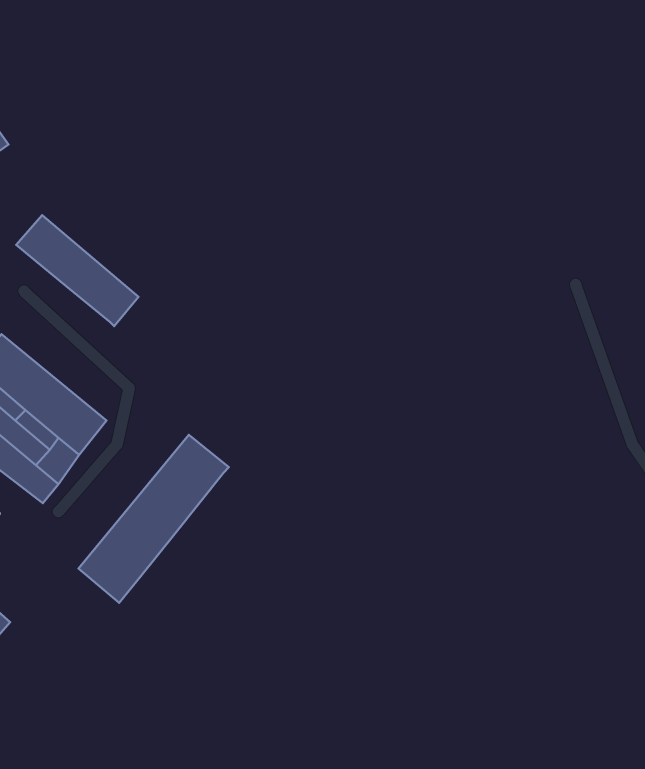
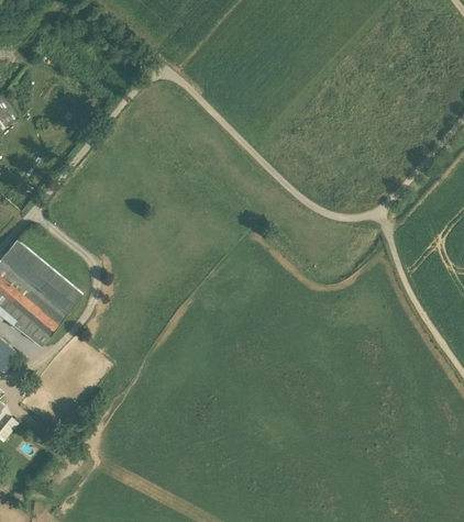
building: [16,215,139,326] -> none
building: [78,435,229,603] -> none

